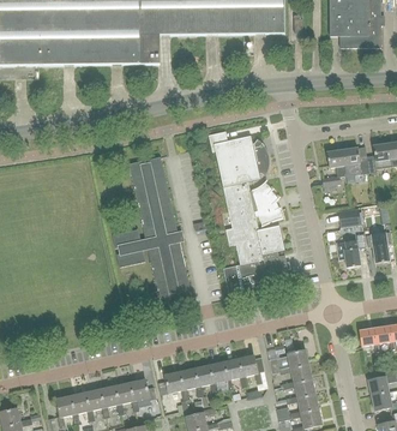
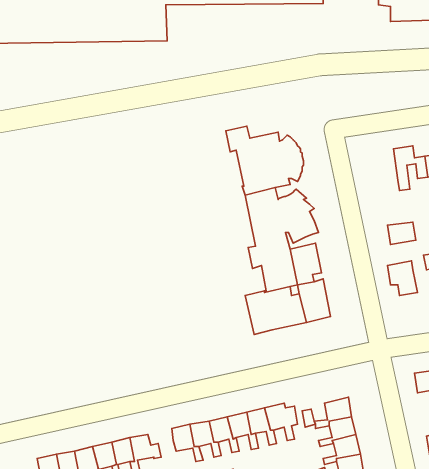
building: [321,149,345,191] -> none
building: [112,155,194,313] -> none

